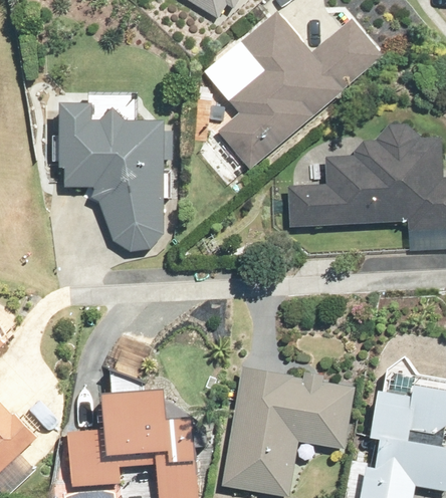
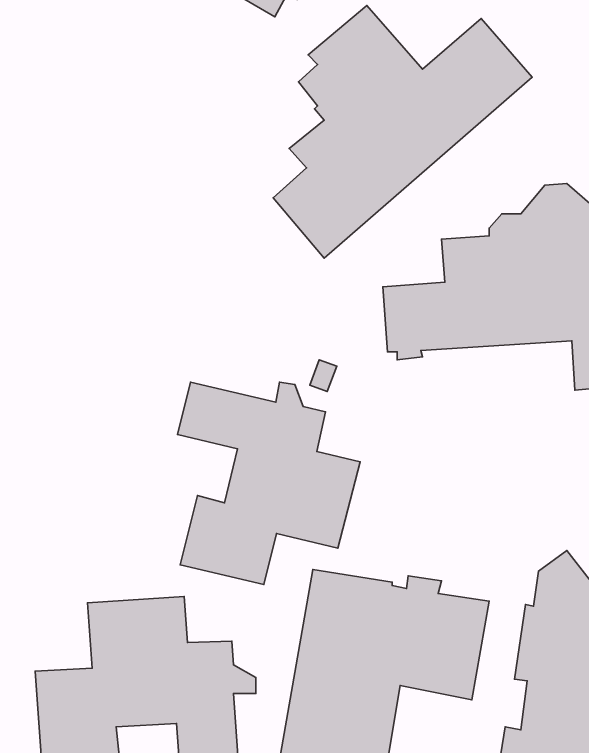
building: [59,99,172,249] -> none
building: none -> [178,382,360,585]

